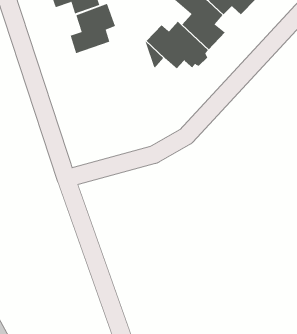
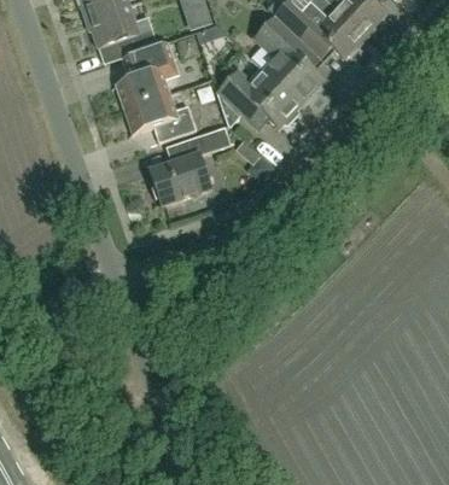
building: none -> [123,93,194,142]
building: none -> [148,127,231,206]

